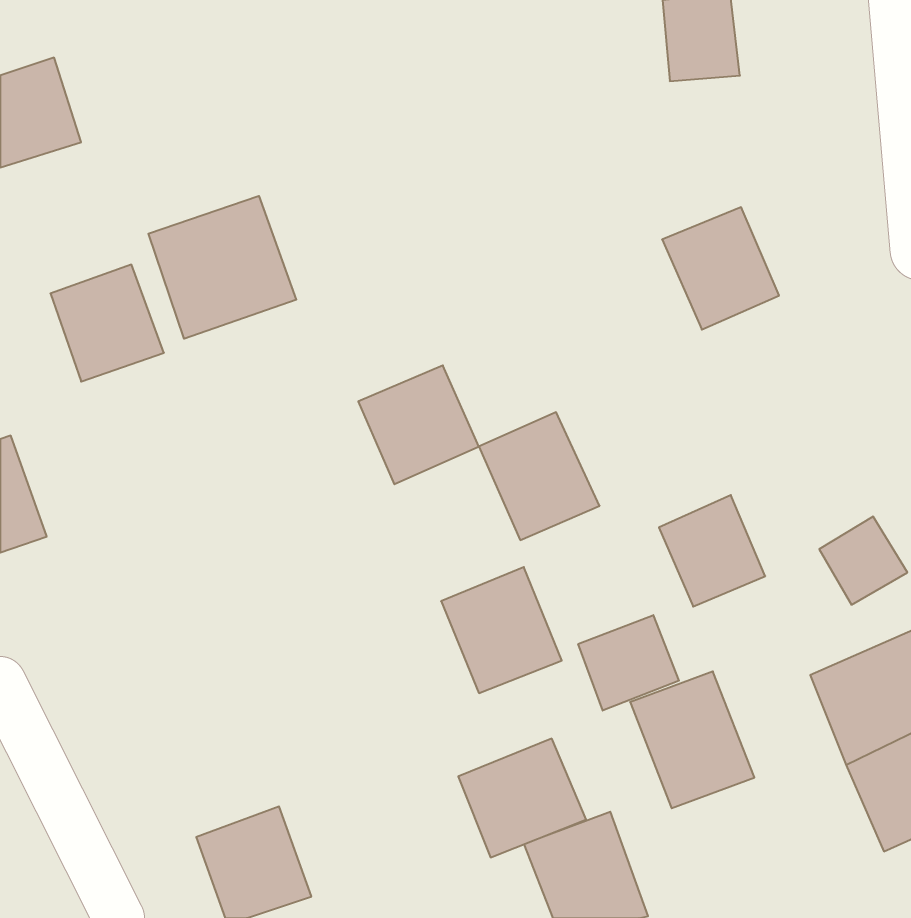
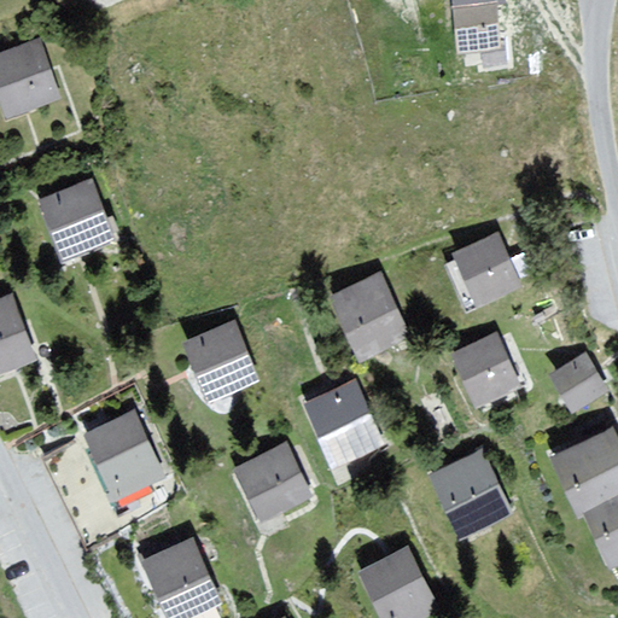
building: [148,196,296,339] -> none
building: [662,207,779,330] -> [442,234,520,316]
building: [358,365,479,484] -> [179,321,260,401]
building: [578,615,679,711] -> none
building: none -> [84,415,164,506]
building: [458,739,586,857] -> [229,441,315,520]

